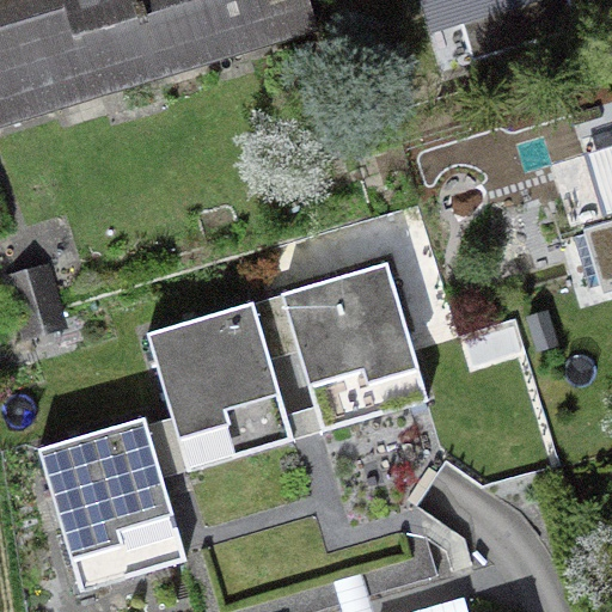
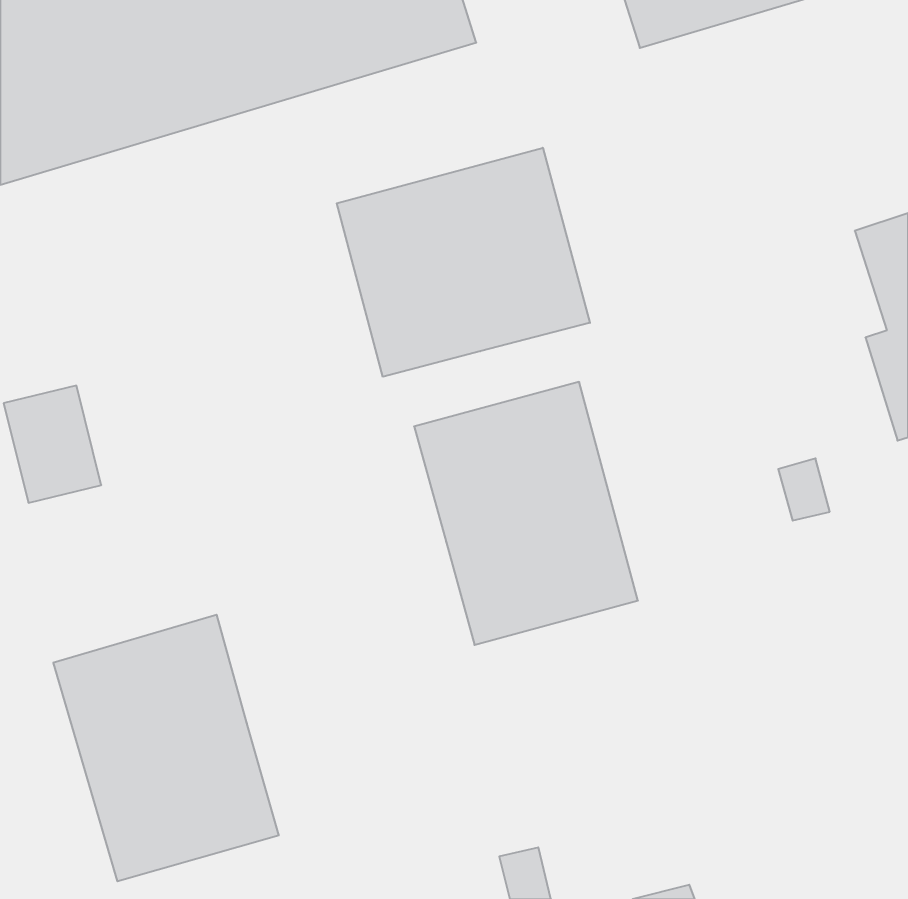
building: none -> [337,148,590,377]
building: [145,300,295,476] -> none

